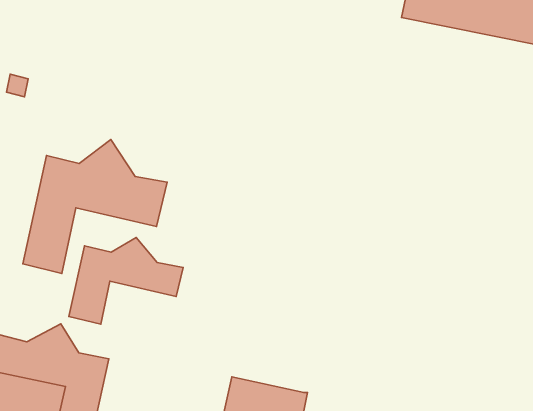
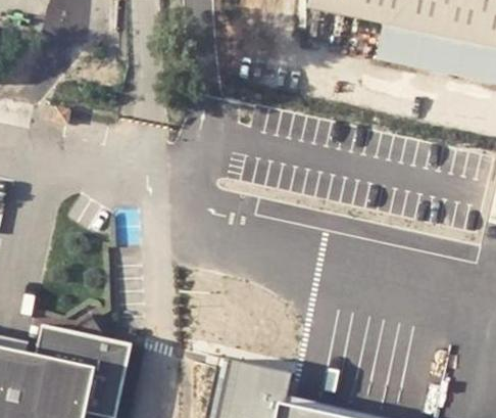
building: [23,140,167,273] -> none
building: [69,238,183,324] -> none

